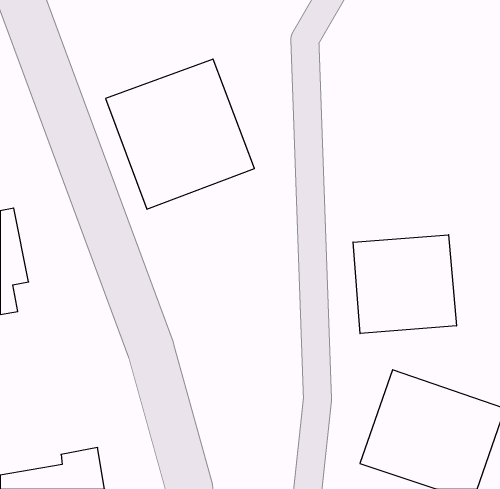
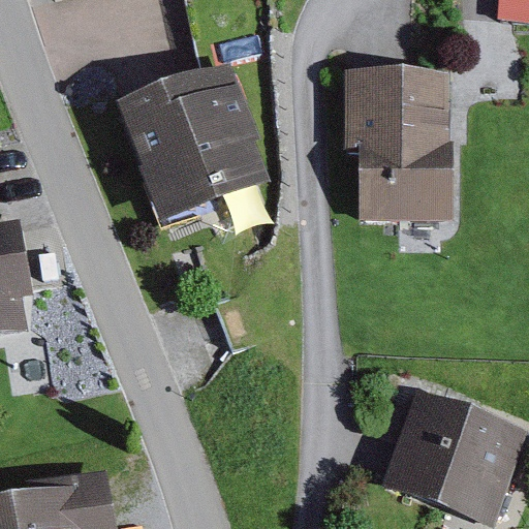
building: none -> [343,65,453,219]
building: [353,235,456,334] -> none

